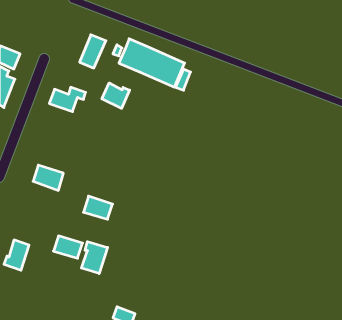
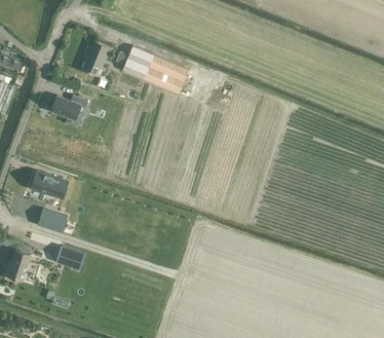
building: [102,83,130,108] -> none
building: [83,196,113,219] -> [36,209,66,232]
building: [81,242,108,274] -> none

